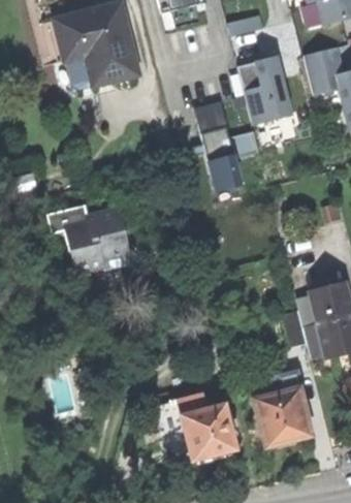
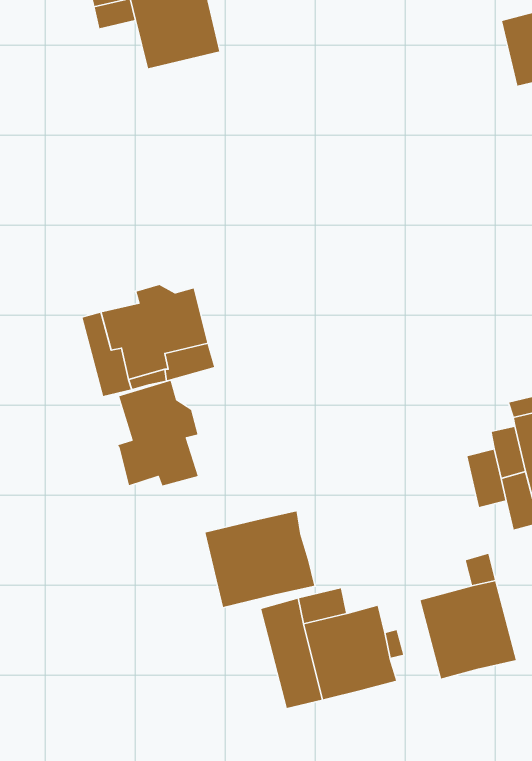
building: [238,56,291,124] -> none
building: [192,101,258,191] -> none
building: none -> [117,380,199,487]
building: none -> [204,510,315,608]

